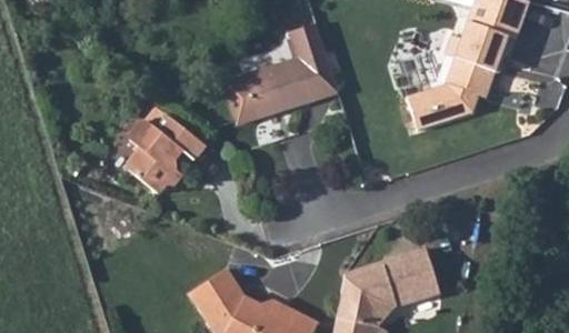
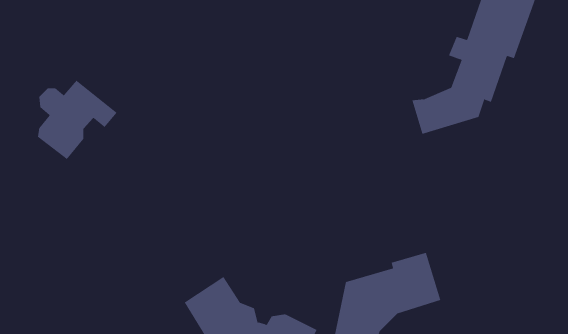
building: [219,24,333,123] -> none
building: [123,113,201,191] -> [37,80,117,160]

